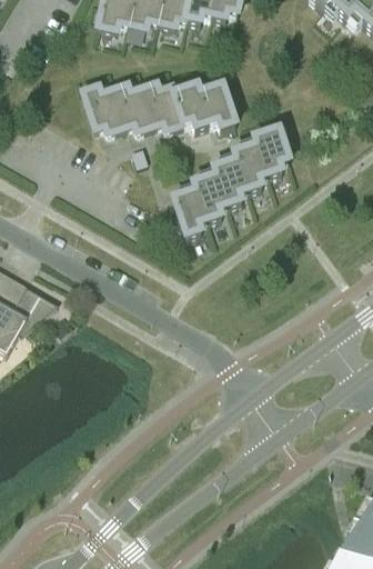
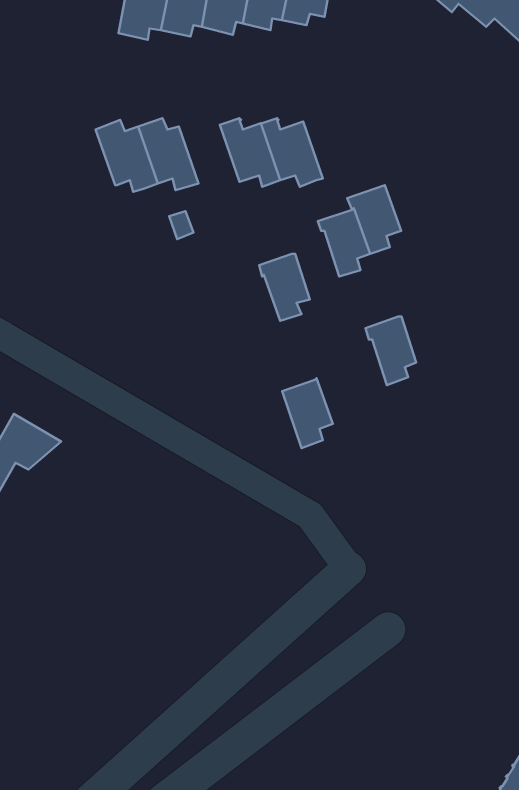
building: [137,81,178,130] -> none
building: [211,159,245,206] -> [366,317,416,385]
building: [171,189,205,237] -> [282,378,333,448]

